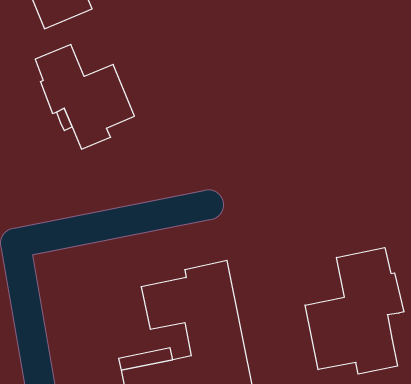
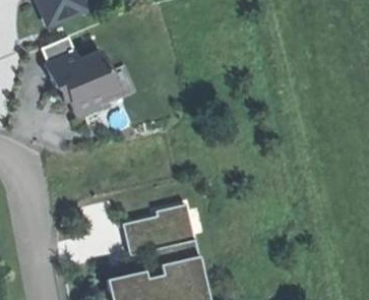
building: [305,248,404,374] -> none

